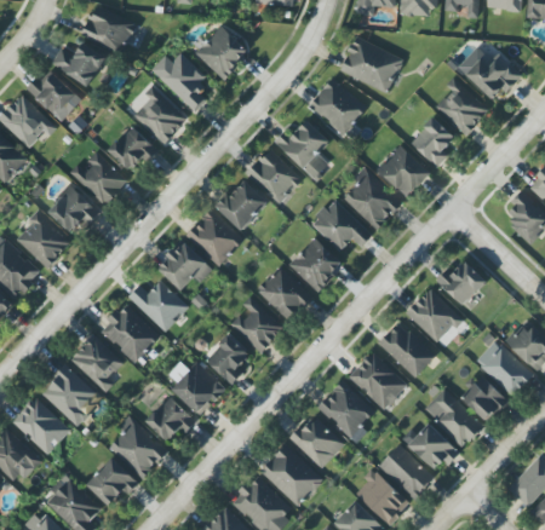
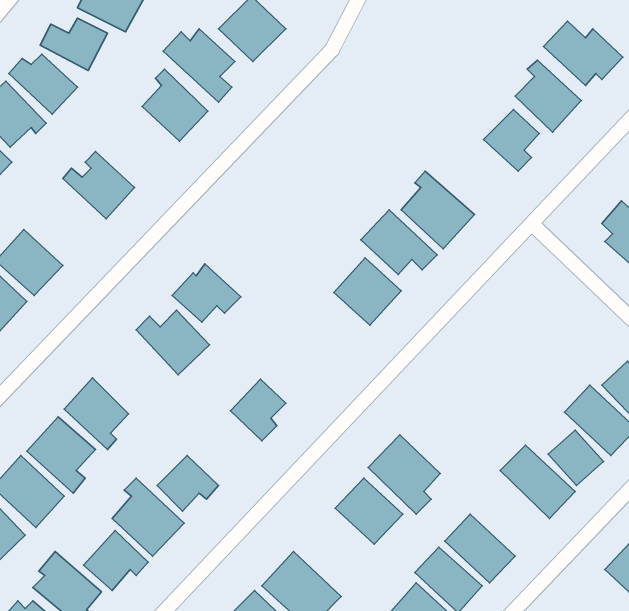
building: [339,36,403,93] -> none
building: [308,77,368,137] -> none
building: [274,120,329,179] -> none
building: [108,126,159,171] -> none
building: [378,145,430,197] -> none
building: [246,149,302,203] -> none
building: [217,179,268,230] -> none
building: [48,183,99,232] -> none
building: [185,208,243,266] -> none
building: [436,260,486,305] -> none
building: [256,266,312,321] -> none
building: [405,288,461,344] -> none
building: [230,295,283,353] -> none
building: [99,304,161,364] -> none
building: [378,322,435,378] -> none
building: [349,352,407,409] -> none
building: [168,361,225,415] -> none
building: [408,422,460,469] -> none
building: [259,444,322,506] -> none

